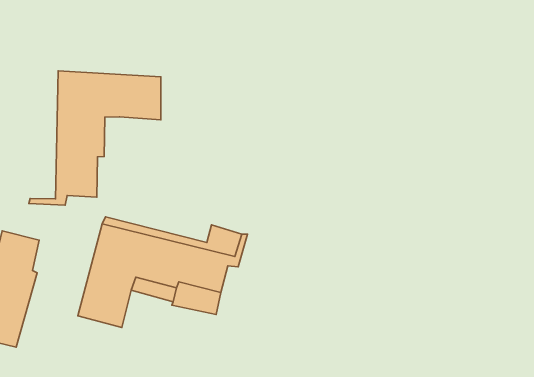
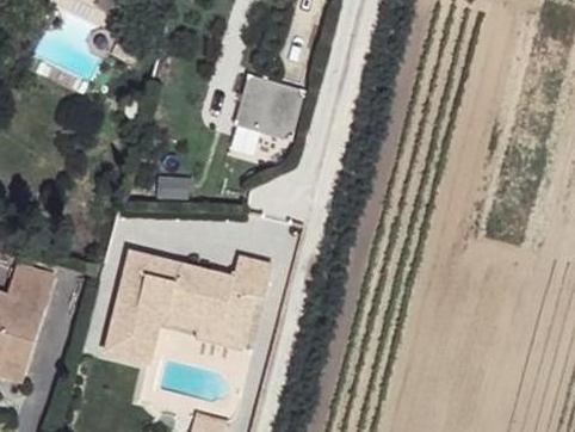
building: none -> [224,81,301,161]
building: [29,71,161,205] -> none

